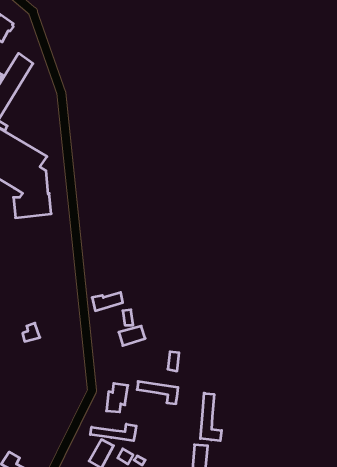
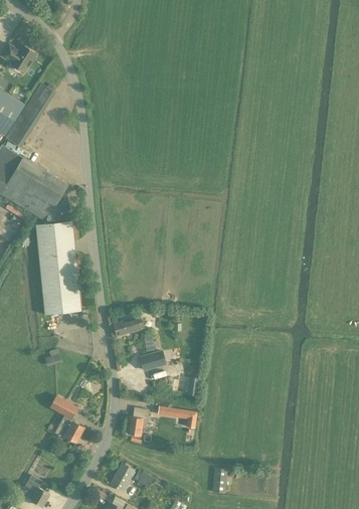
building: none -> [37,241,80,316]
building: none -> [49,396,82,443]
building: [200,393,222,441] -> none
building: [90,424,136,441] -> none

